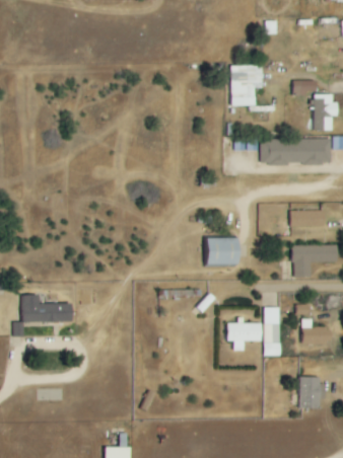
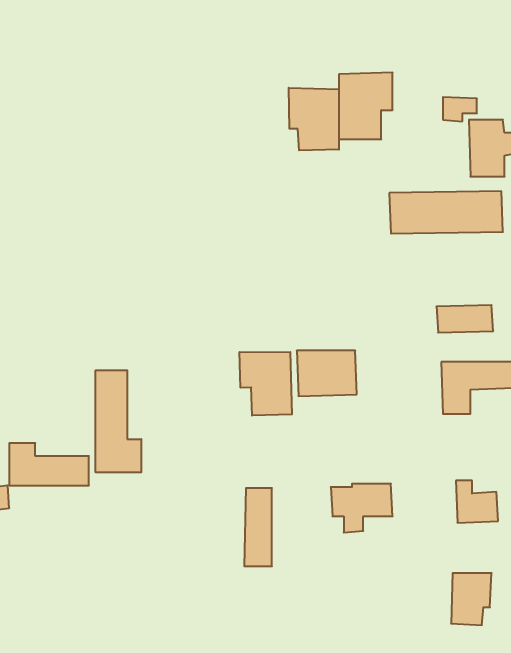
building: none -> [289,88,339,150]
building: none -> [240,352,292,416]
building: none -> [96,370,141,472]
building: [263,307,280,356] -> [244,488,272,566]

